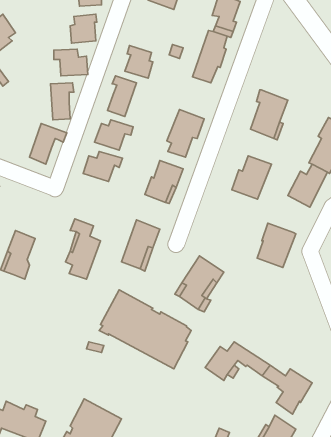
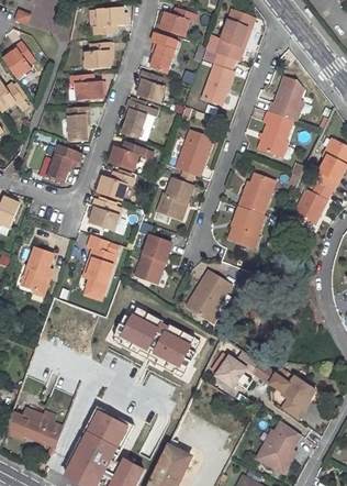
building: none -> [152,32,178,73]
building: none -> [267,78,302,123]
building: none -> [90,198,120,230]
building: [257,223,296,267] -> [230,207,266,248]

